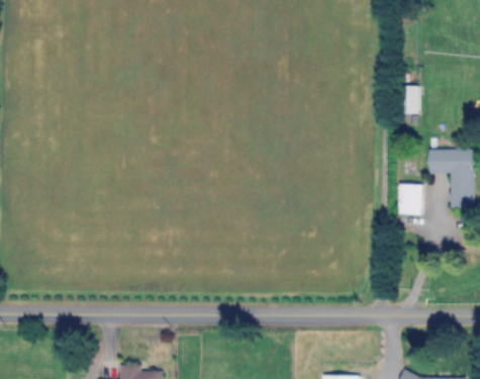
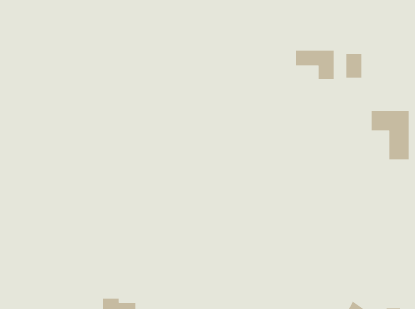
building: none -> [295,50,335,80]
building: [398,184,421,214] -> none

